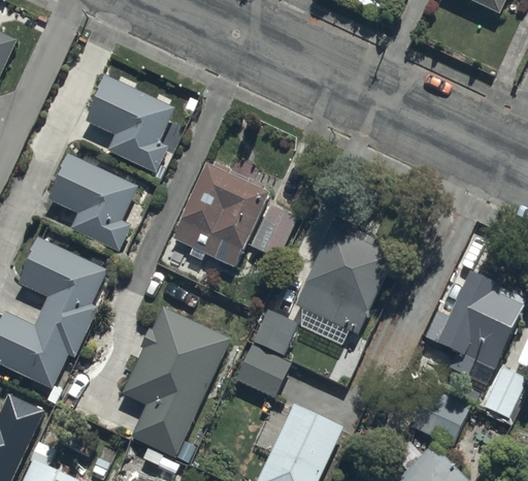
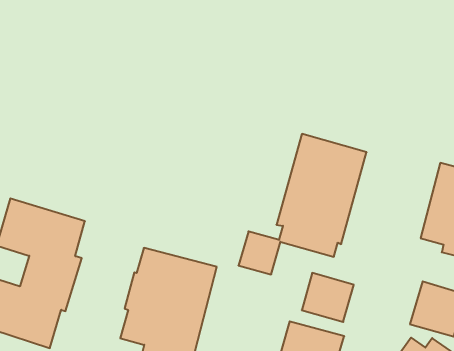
building: [81,73,173,172] -> none
building: [46,154,138,251] -> none
building: [173,163,297,267] -> none
building: [235,344,291,397] -> [302,273,354,322]

